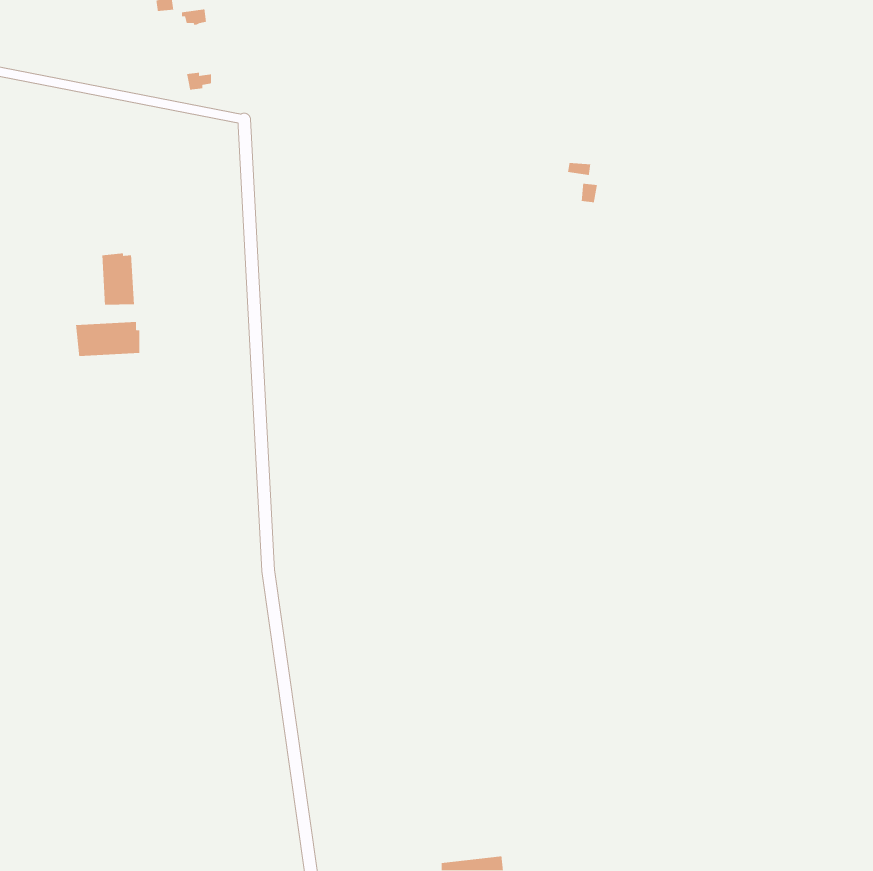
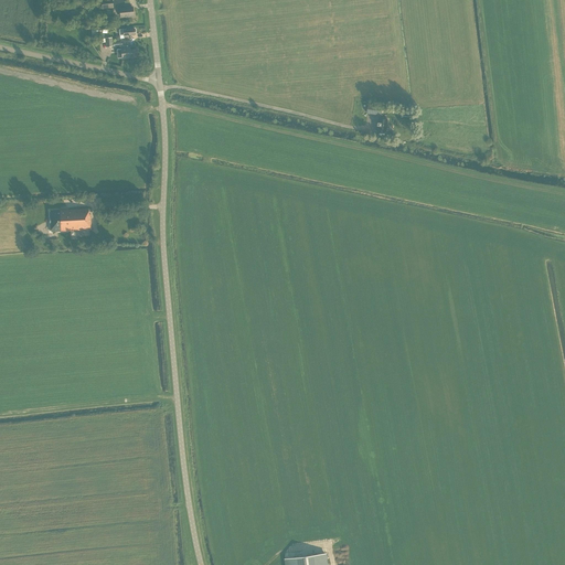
building: [101,252,135,305] -> none

